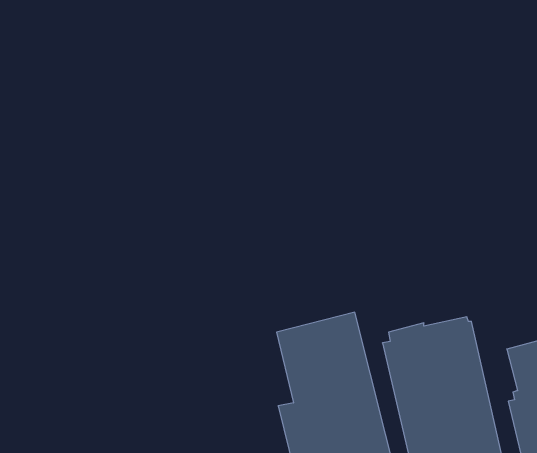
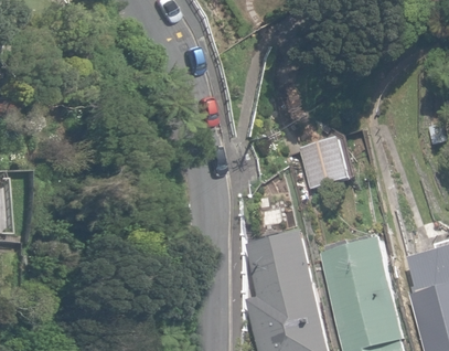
building: none -> [297,138,348,189]

